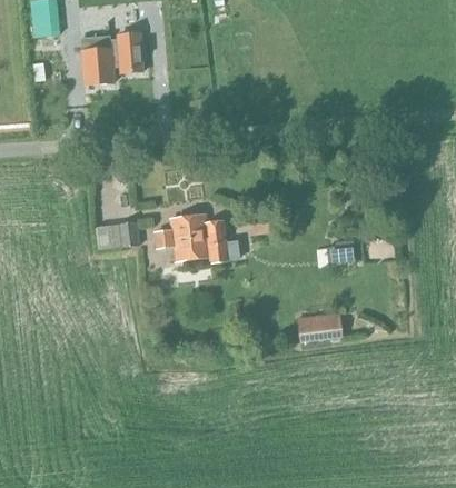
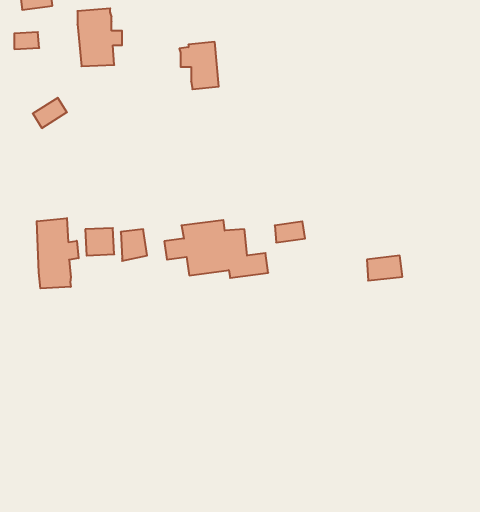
building: [109,33,142,73] -> [179,42,219,89]
building: none -> [37,218,79,288]
building: [296,312,343,342] -> none

